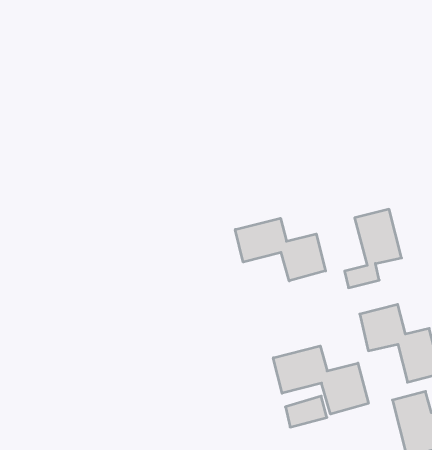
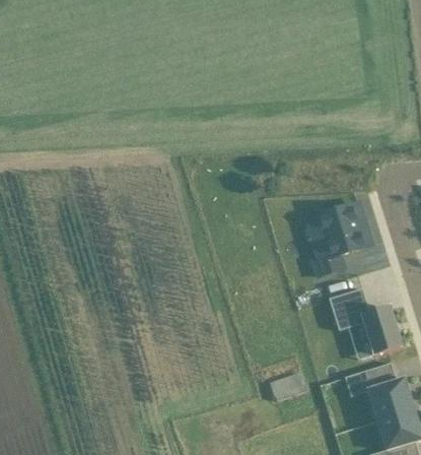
building: [235,218,326,281] -> none
building: [273,346,368,414] -> none

